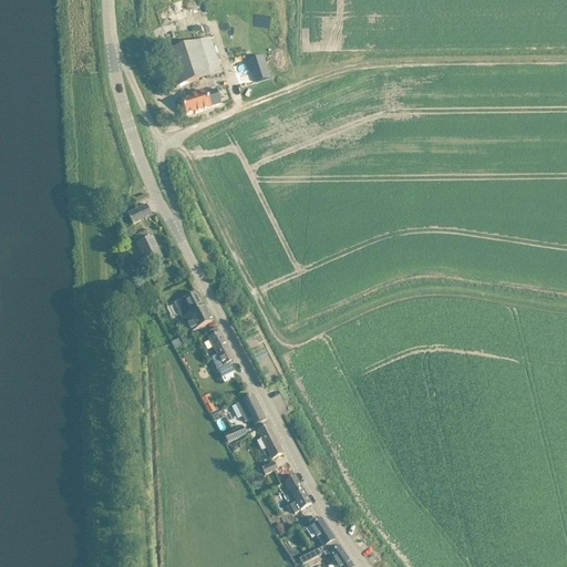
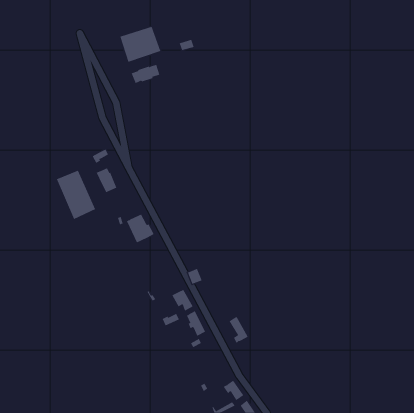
building: none -> [56,170,96,220]
building: [206,331,233,381] -> none
building: [281,475,309,512] -> [228,317,248,343]

